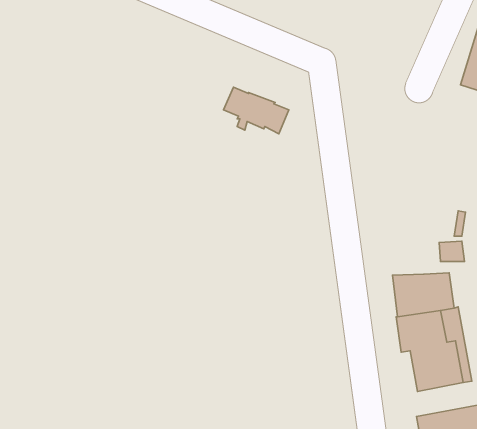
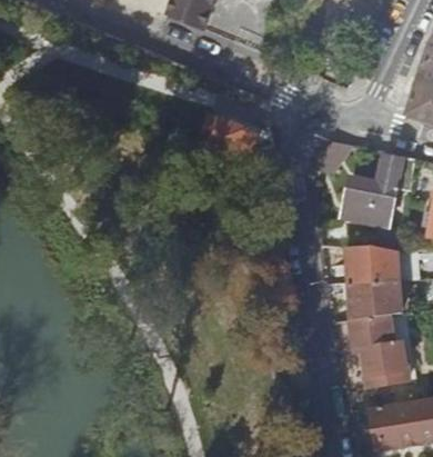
building: none -> [342,155,414,226]
building: none -> [341,247,374,284]

